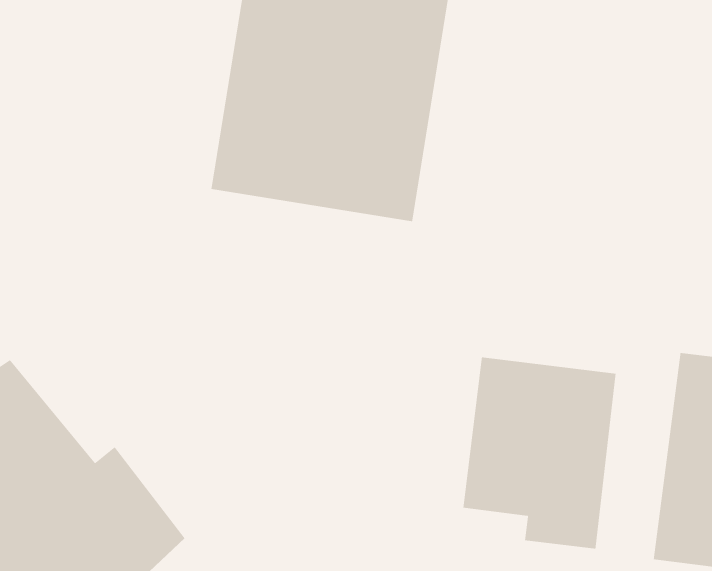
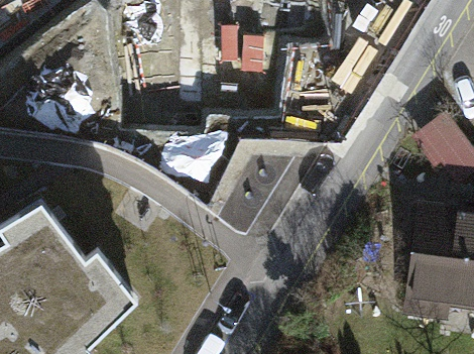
building: [463,357,616,550] -> none

